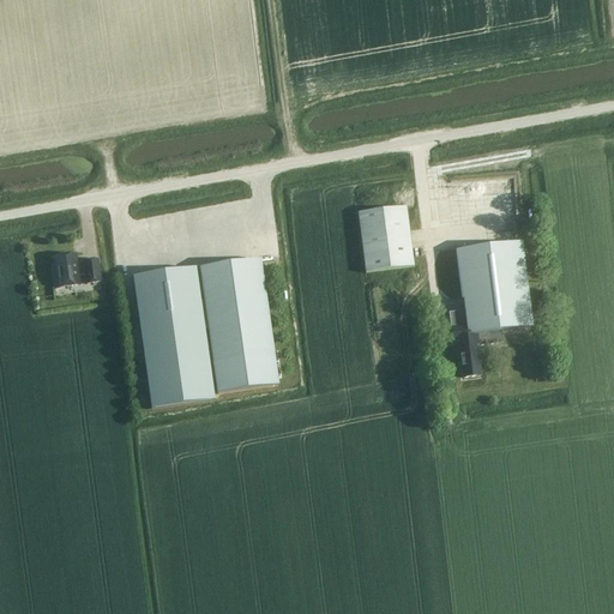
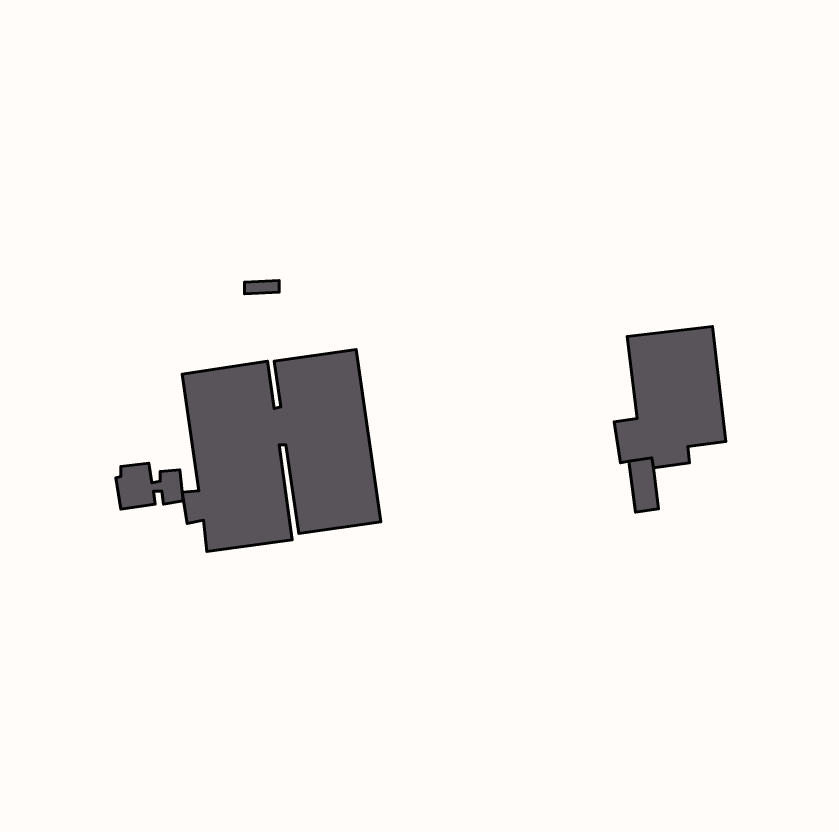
building: [359,203,414,269] -> none
building: [52,251,101,284] -> [116,463,183,509]

